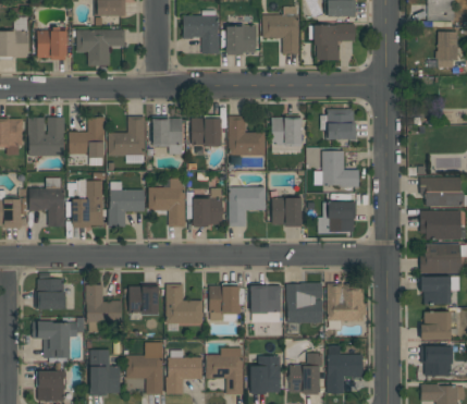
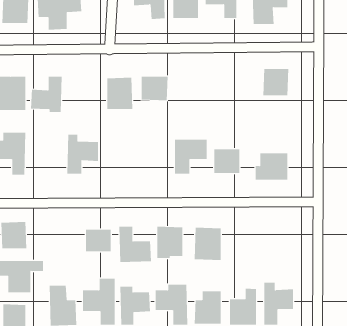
building: [108,115,146,156] -> none
building: [229,115,266,156] -> none
building: [271,118,302,146] -> none
building: [315,151,359,186] -> none
building: [148,179,185,227] -> none
building: [72,181,103,228] -> none
building: [193,188,223,225] -> none
building: [287,283,323,323] -> none
building: [328,283,365,320] -> none
building: [85,284,122,323] -> none

